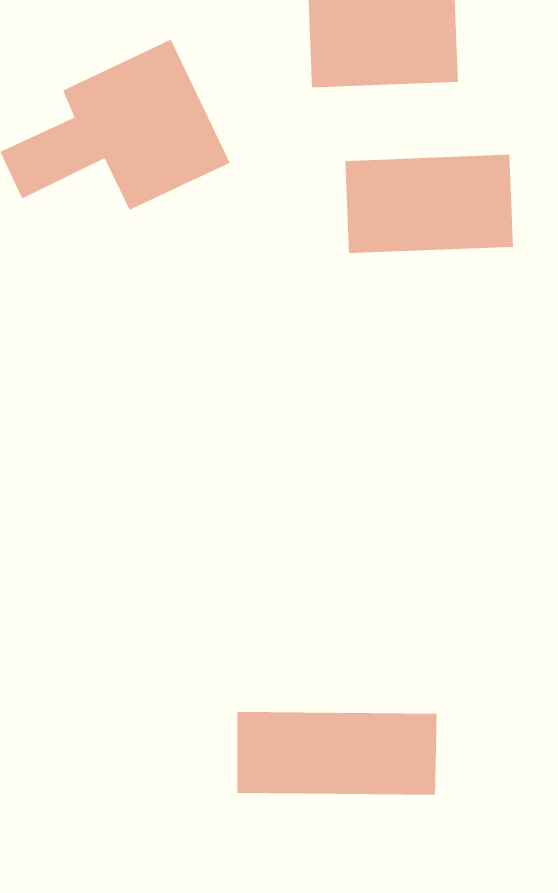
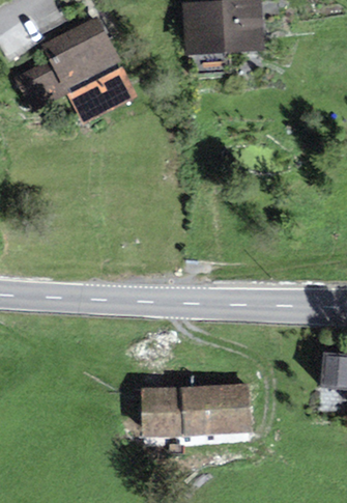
building: [345,154,514,254] -> none

